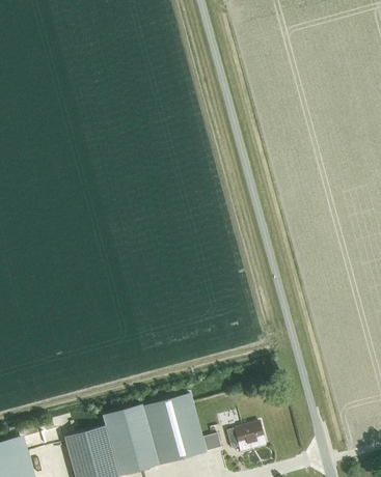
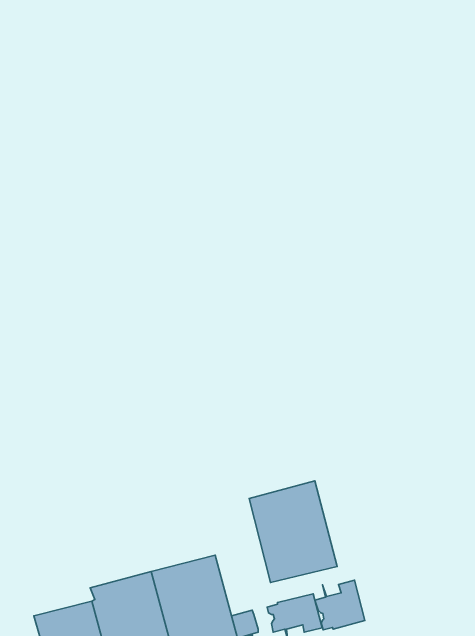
building: none -> [249,481,337,583]
building: none -> [315,580,365,630]

